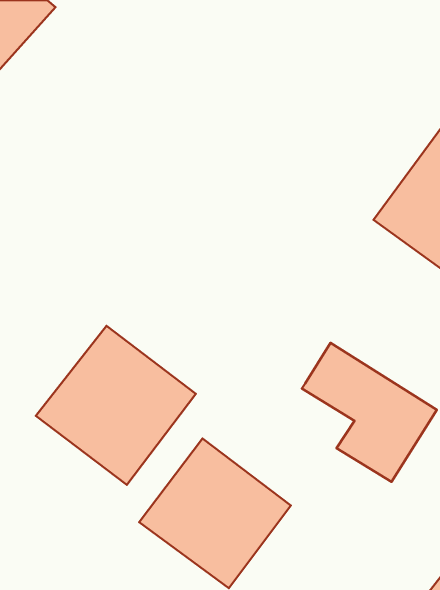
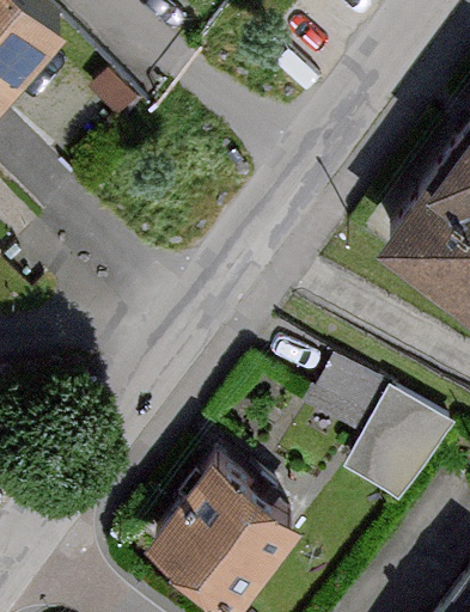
building: [36,326,196,485] -> none

